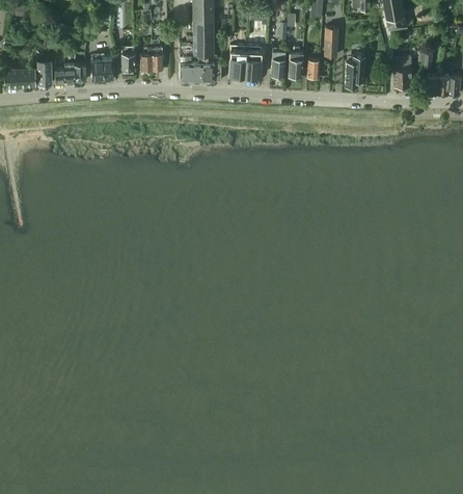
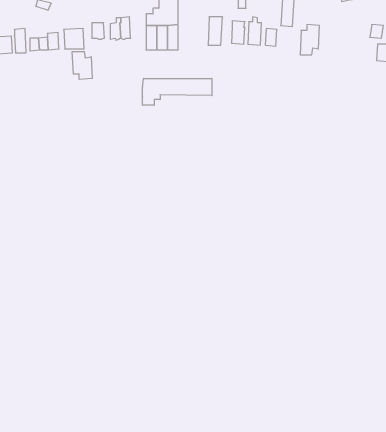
building: [228,46,246,77] -> none
building: [393,56,411,88] -> none
building: none -> [72,51,92,79]
building: none -> [143,78,212,105]

